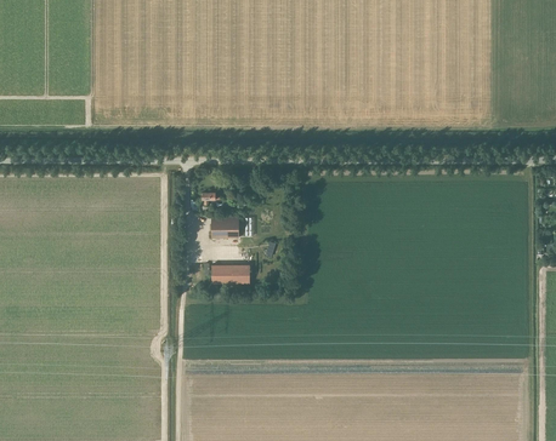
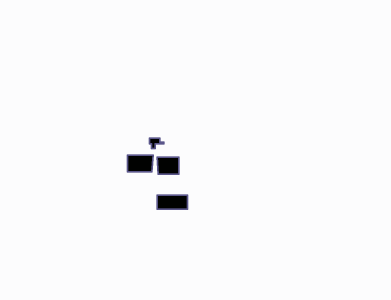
building: none -> [127,155,153,172]

